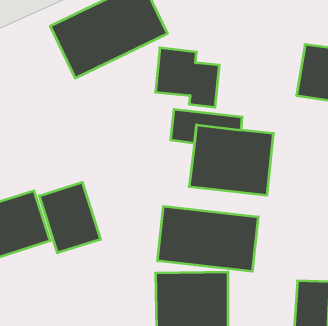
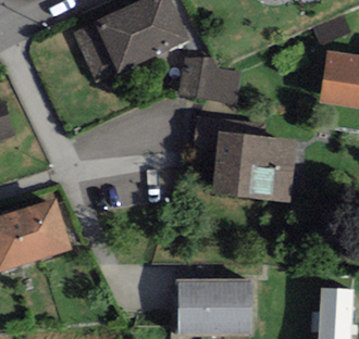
building: [39,182,100,253] -> none
building: [158,206,258,271] -> none

